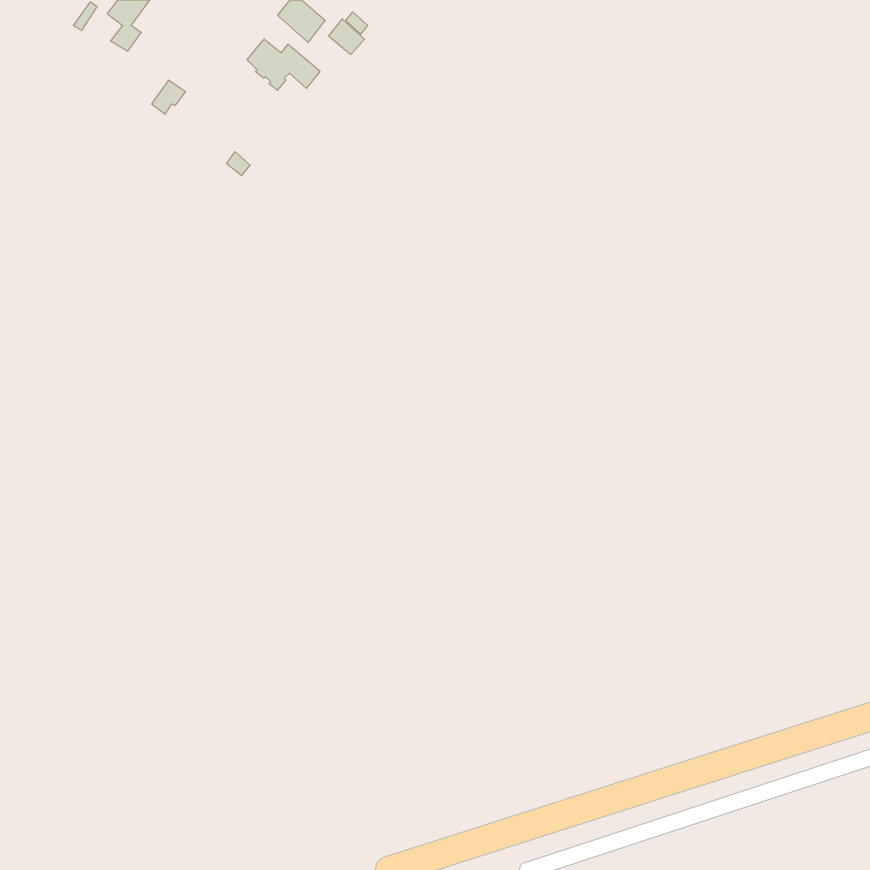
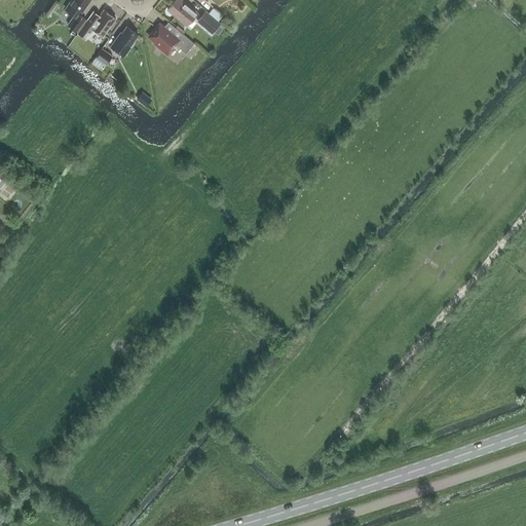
building: none -> [78,10,115,38]
building: none -> [110,27,138,55]

